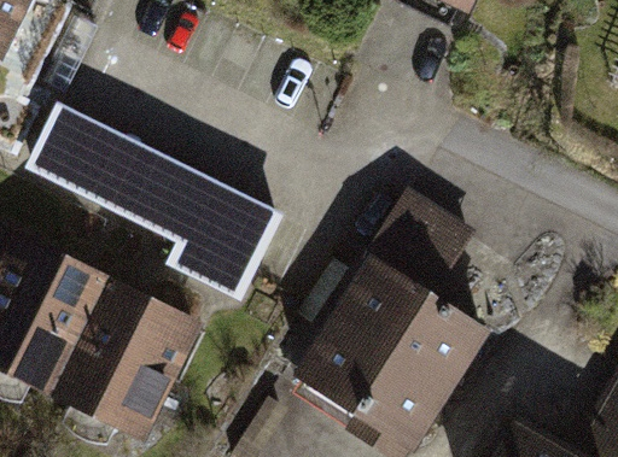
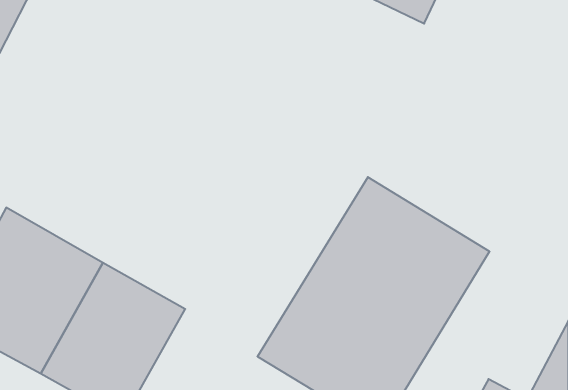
building: [28,105,279,297] -> none

